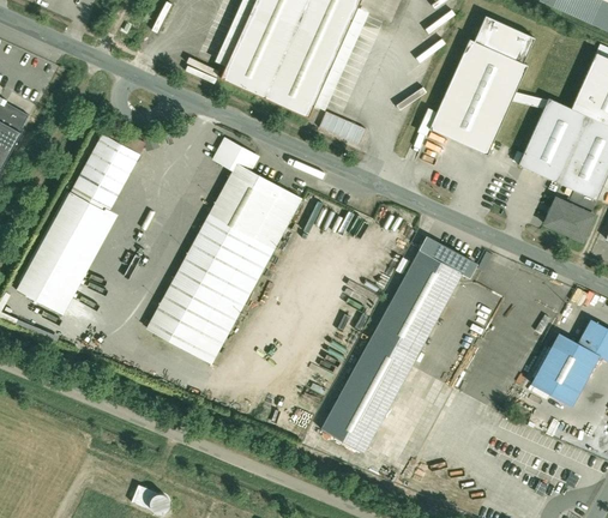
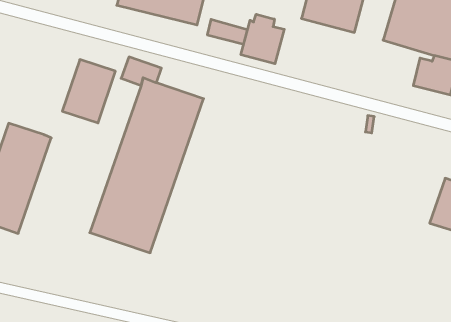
building: none -> [241,14,284,64]
building: [74,133,143,209] -> [62,60,115,123]
building: [321,237,476,452] -> none

